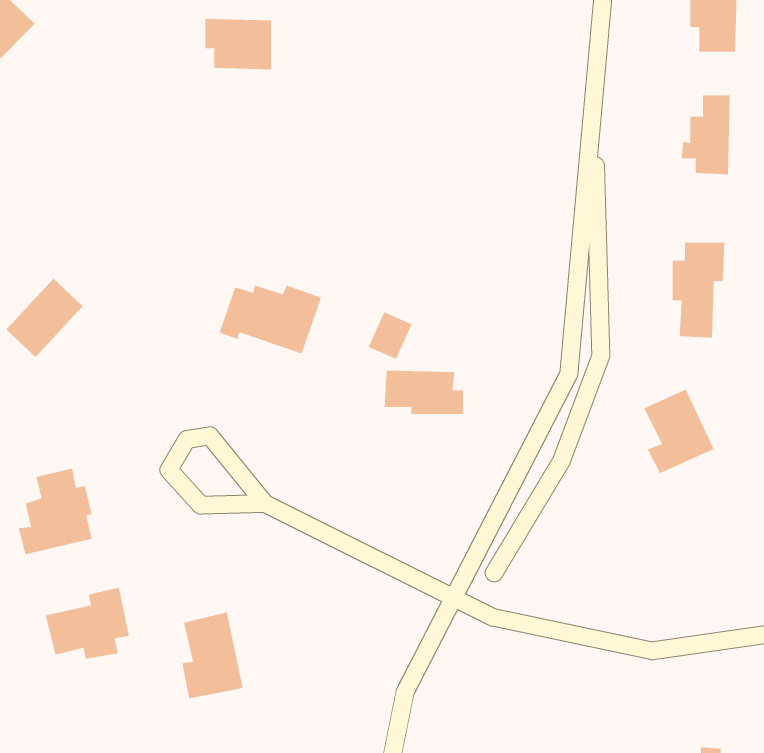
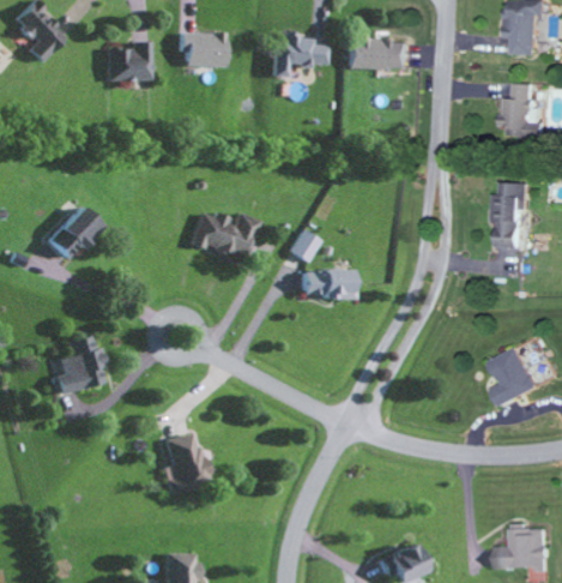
building: none -> [272,31,328,77]
building: none -> [348,38,407,70]
building: none -> [105,42,150,80]
building: [643,389,715,474] -> [491,349,539,407]
building: [45,587,130,659] -> none

